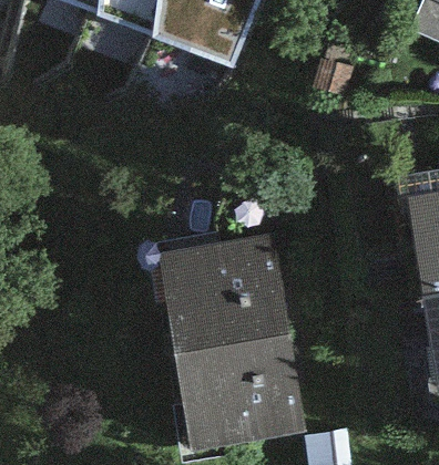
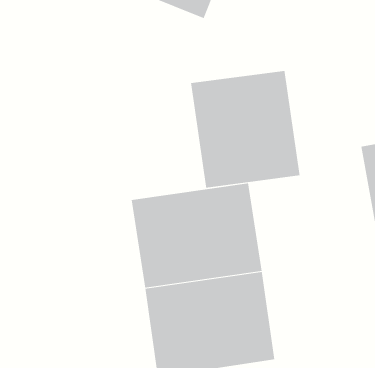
building: none -> [191,70,300,188]

